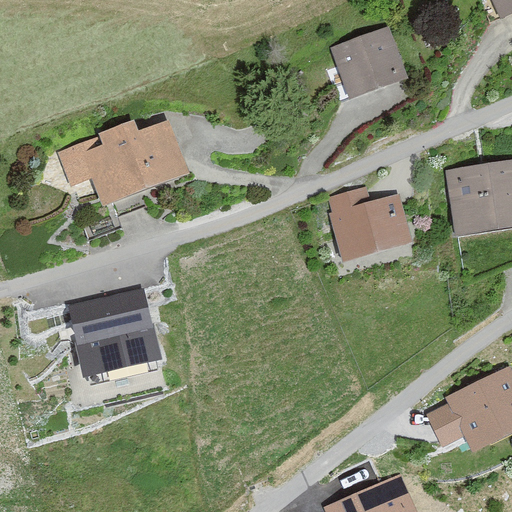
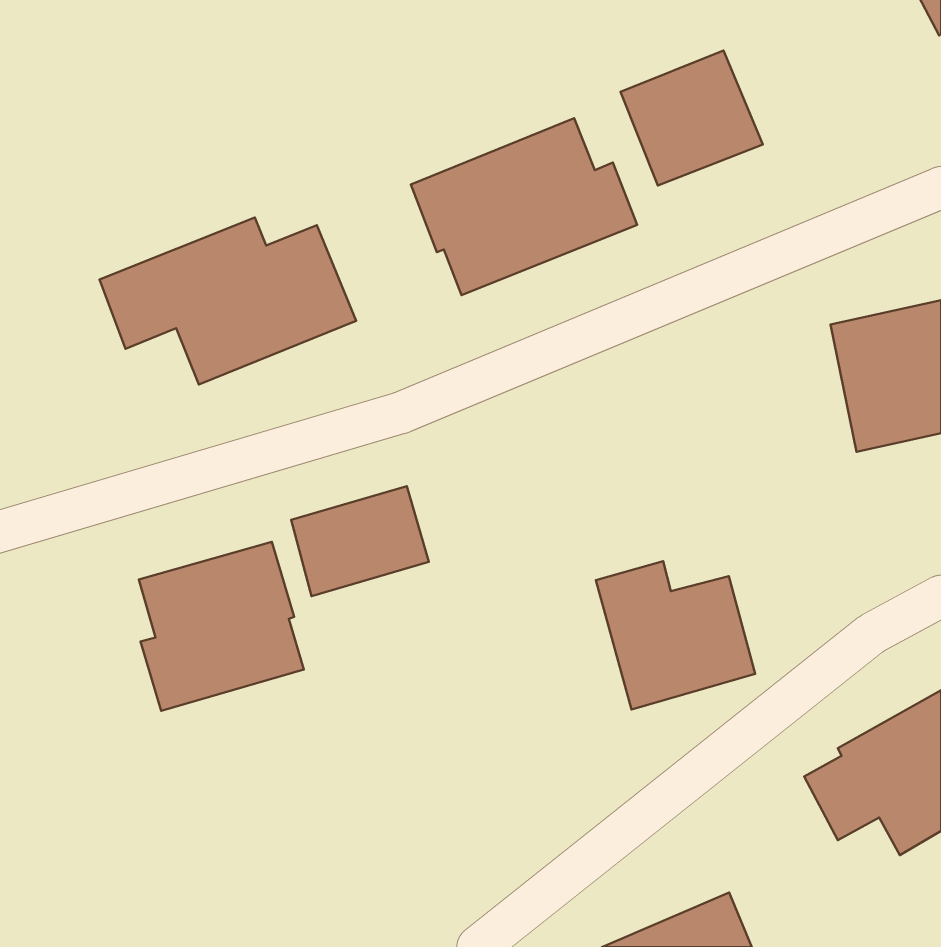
building: none -> [411,118,637,295]
building: [329,187,414,266] -> [596,561,755,709]
building: none -> [291,486,429,596]

